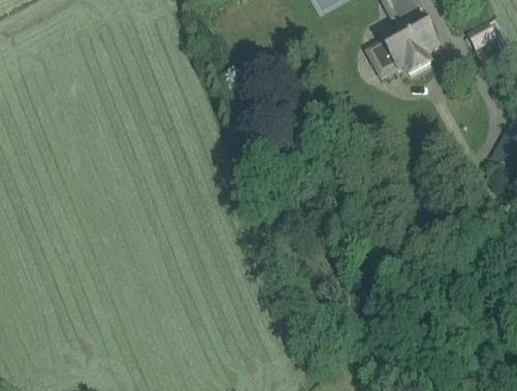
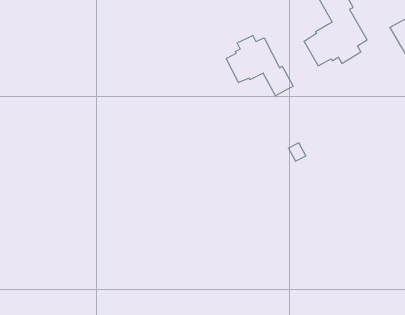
building: none -> [226,35,293,96]

